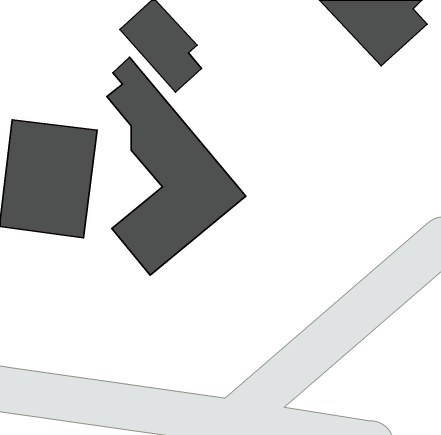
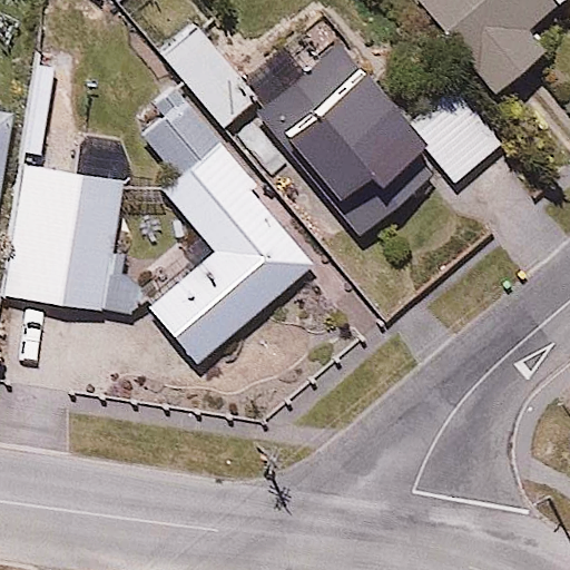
building: none -> [248,38,505,194]

